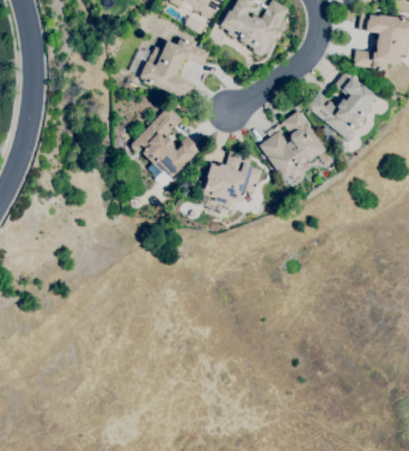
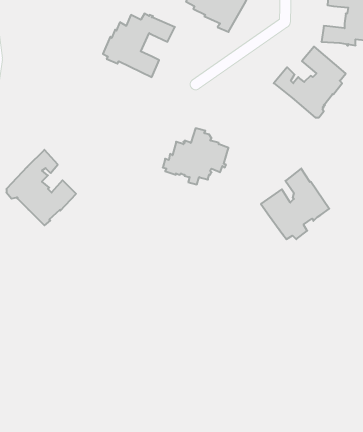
building: [133,105,201,179] -> [6,150,76,225]
building: [260,110,326,179] -> [261,168,329,239]

